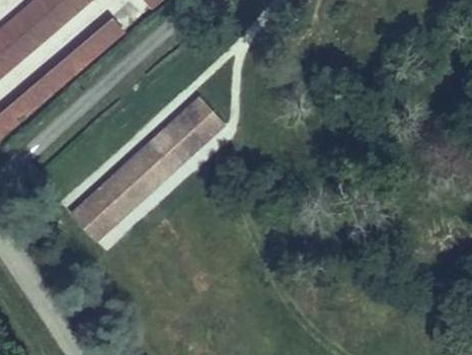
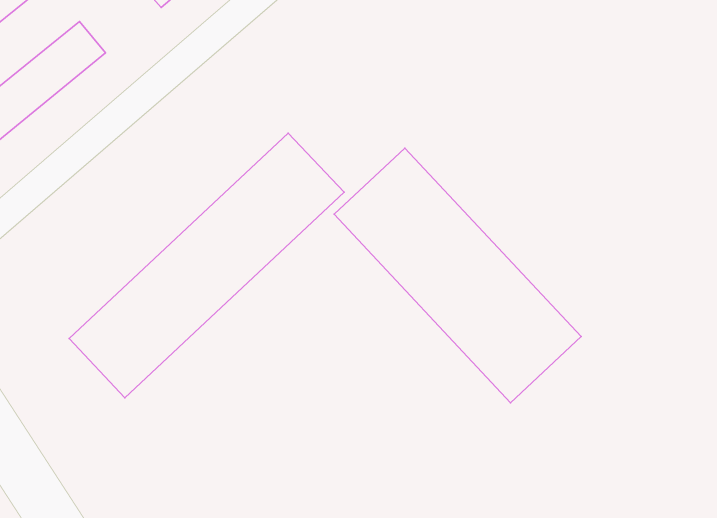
building: none -> [334,148,581,403]

